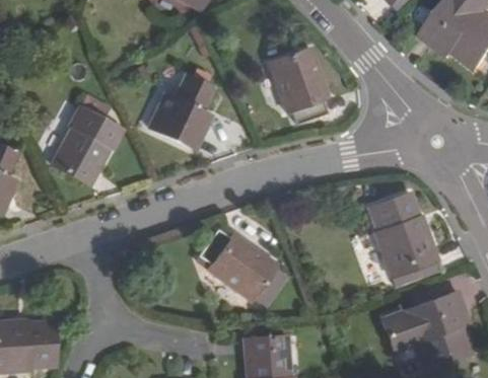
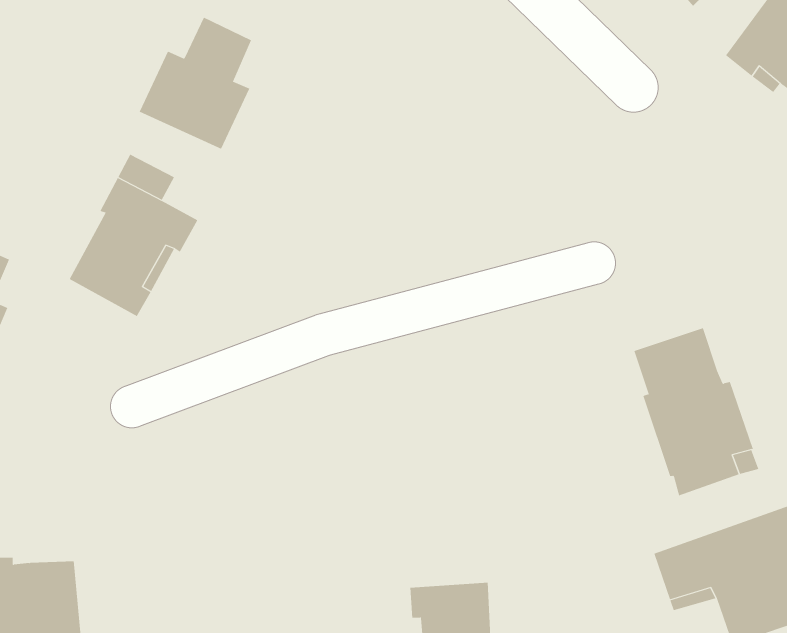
building: [270,47,328,124] -> none
building: [148,73,212,148] -> [139,17,252,150]
building: [198,229,285,304] -> none

